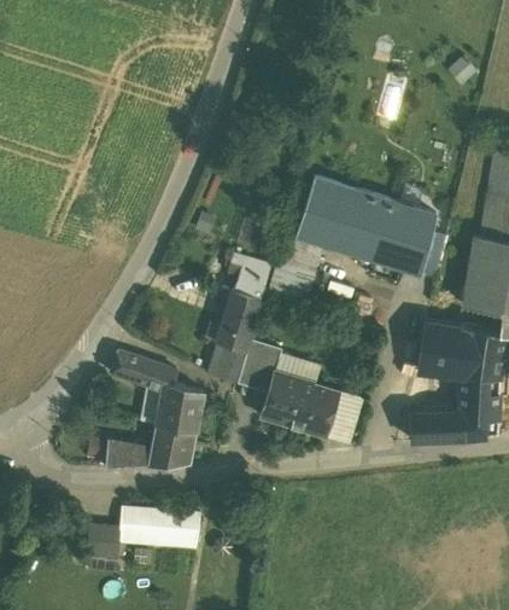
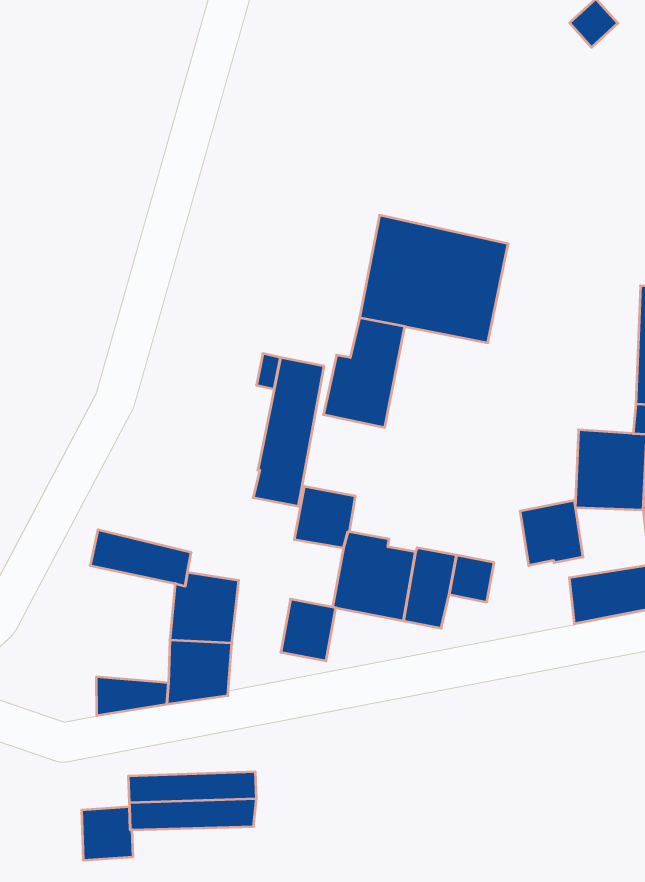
building: [374,201,435,275] -> none
building: [207,342,245,383] -> [281,599,336,661]
building: none -> [520,500,583,566]

